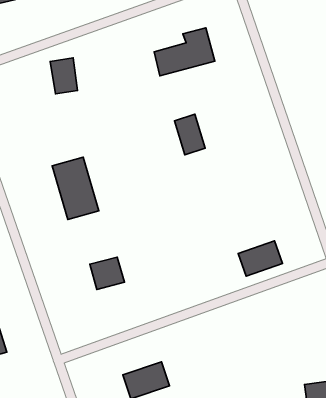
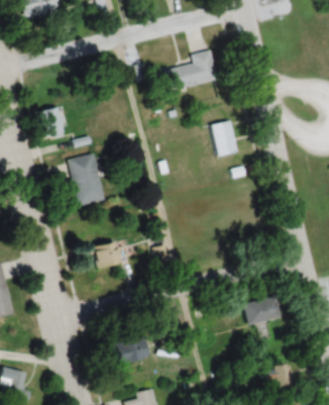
building: [50,58,77,94] -> [42,107,64,136]
building: [174,114,205,155] -> [212,121,236,156]
building: [238,241,283,276] -> [243,297,281,325]

